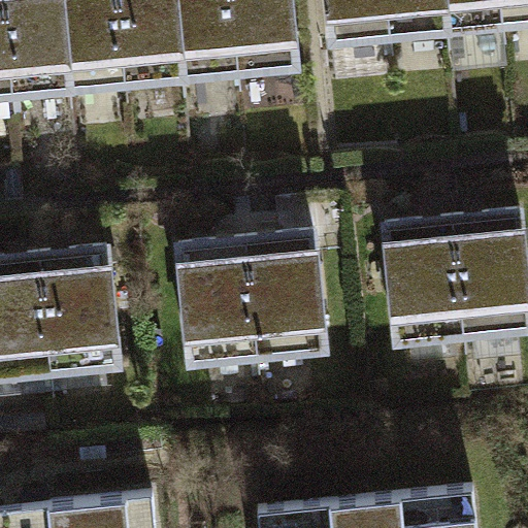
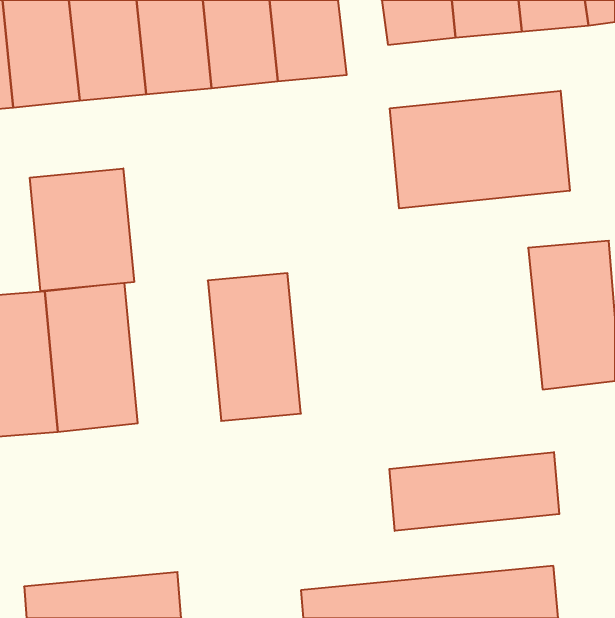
building: none -> [390,91,570,208]
building: none -> [30,168,134,291]
building: [384,211,463,338] -> none
building: [245,226,325,353] -> none
building: none -> [389,452,559,531]

